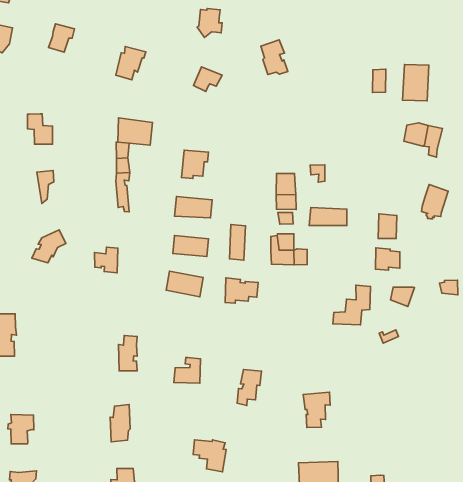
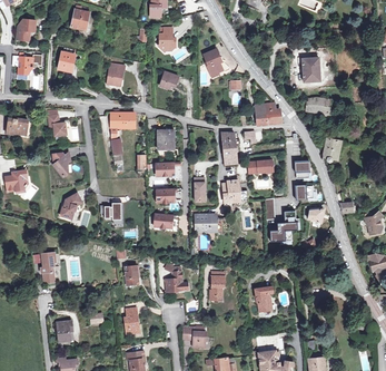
building: none -> [256,101,280,124]

